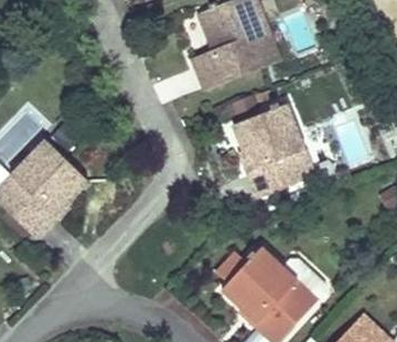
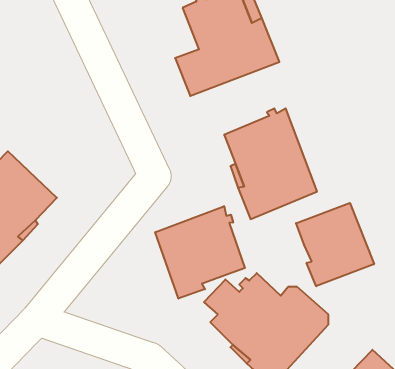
building: none -> [296,203,374,286]
building: none -> [155,206,245,299]

